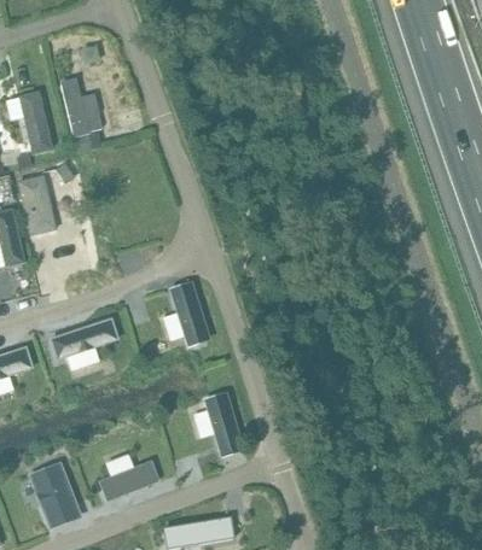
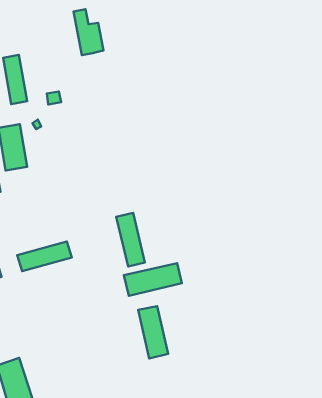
building: [60,78,100,135] -> [73,9,104,55]
building: none -> [124,263,182,296]
building: [99,462,157,499] -> none

